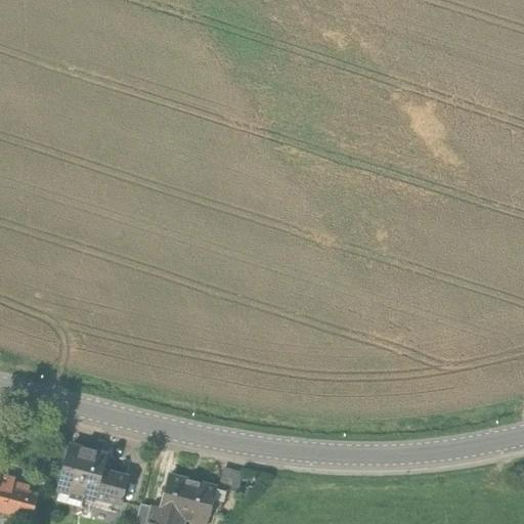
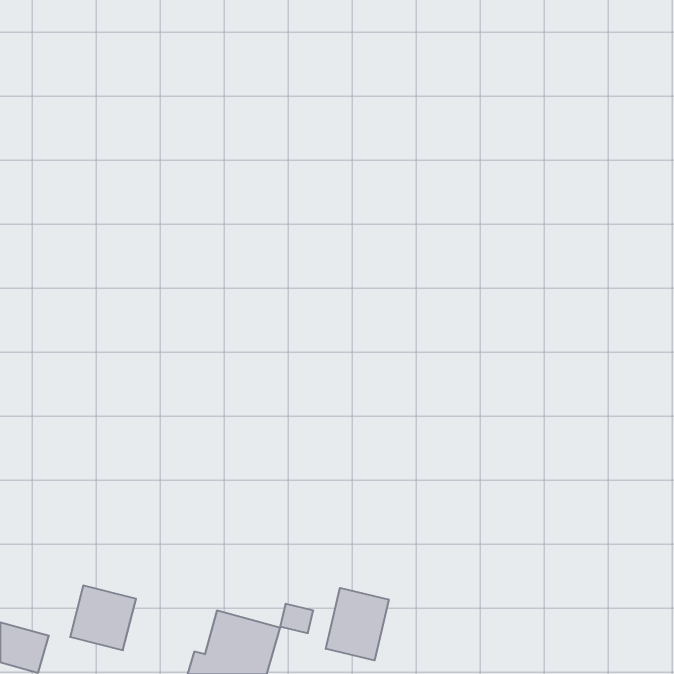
building: none -> [326,588,389,660]
building: [96,468,127,509] -> none

